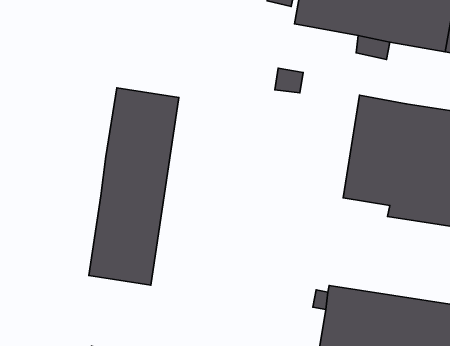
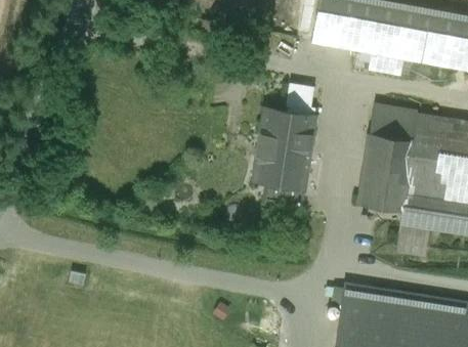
building: [89,88,179,285] -> none
building: none -> [255,107,314,205]

